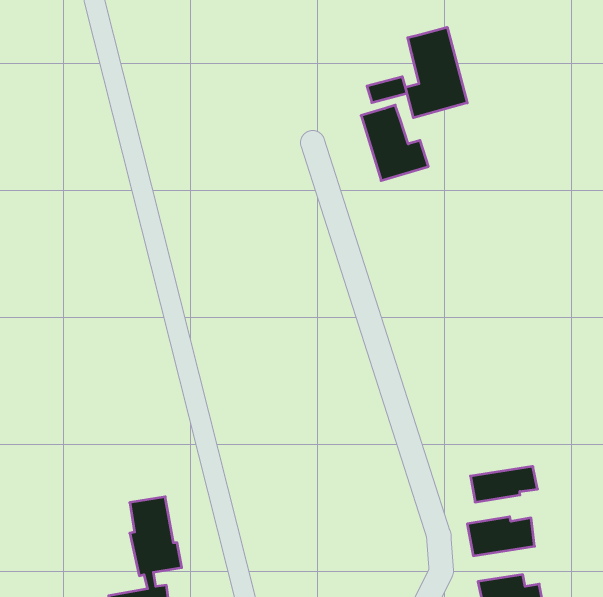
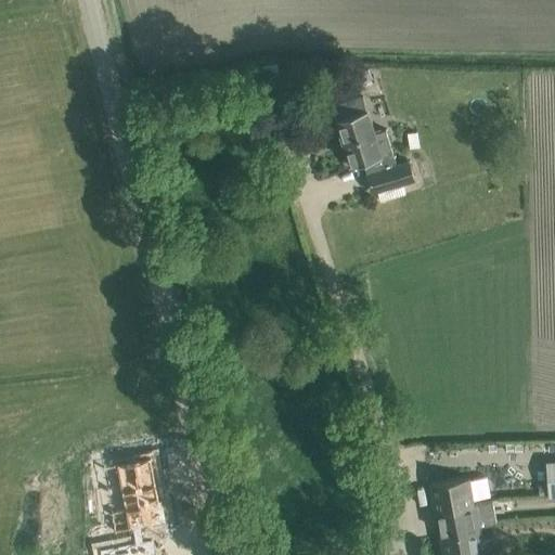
building: [406,27,467,118] -> none
building: none -> [367,166,416,197]
building: [470,467,538,502] -> [435,507,496,540]

